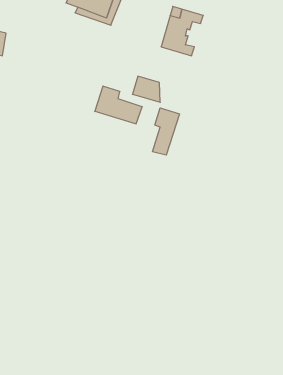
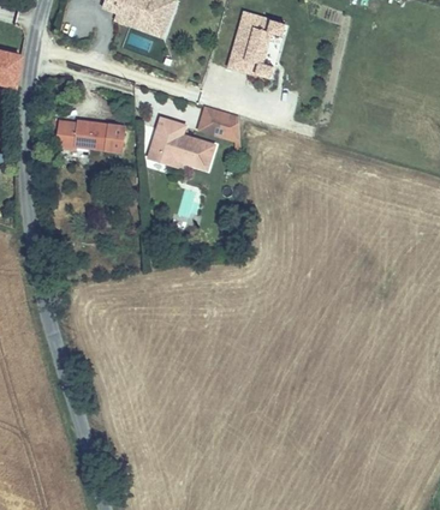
building: none -> [49,124,118,155]
building: [153,108,180,155] -> none

